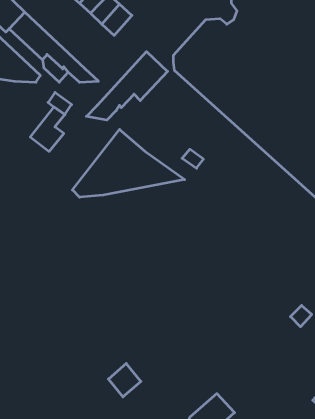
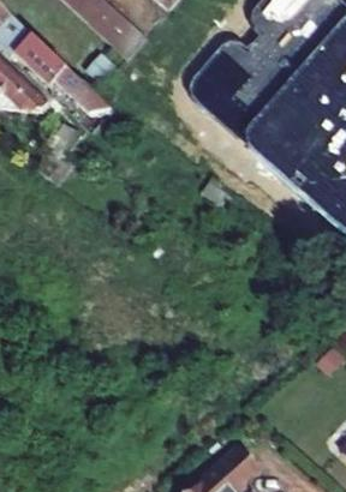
building: [86,52,168,120] -> none
building: [72,129,185,197] -> none

